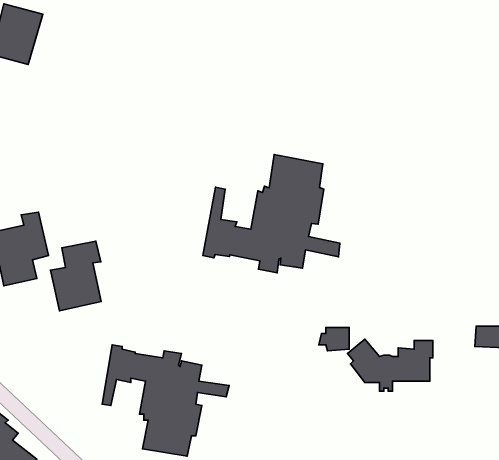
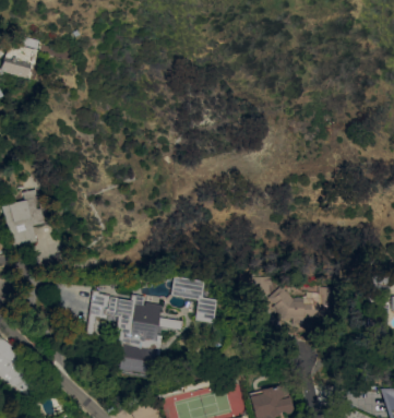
building: [203,154,340,273] -> none
building: [51,241,101,311] -> none
building: none -> [171,276,215,323]

